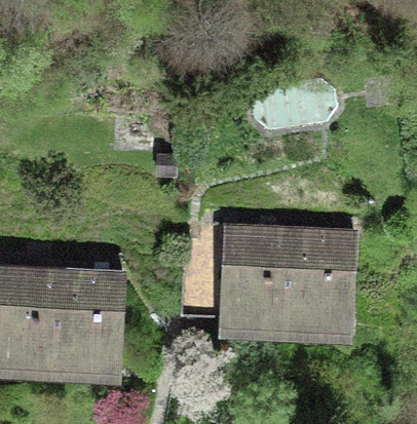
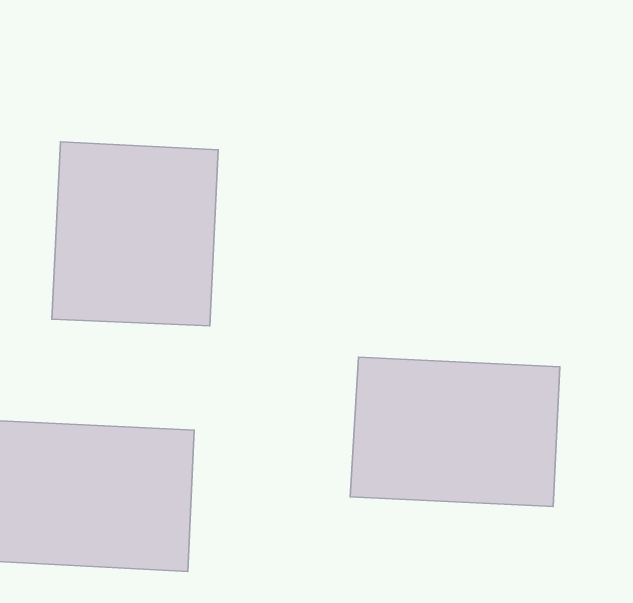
building: none -> [52,142,218,326]

